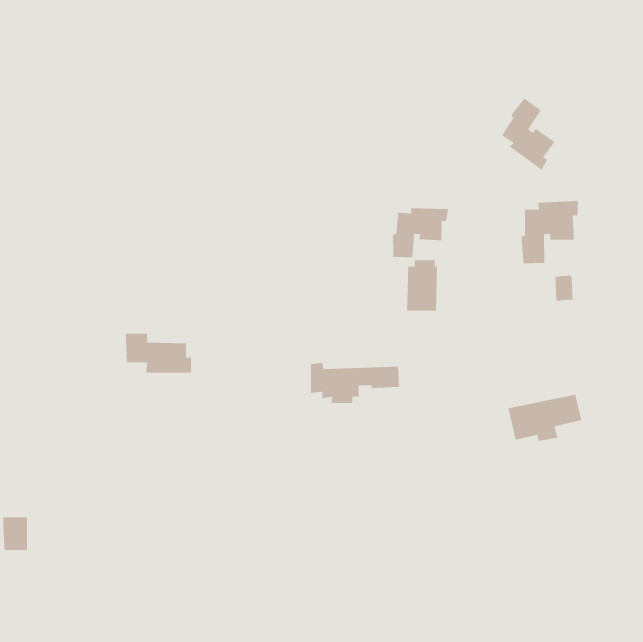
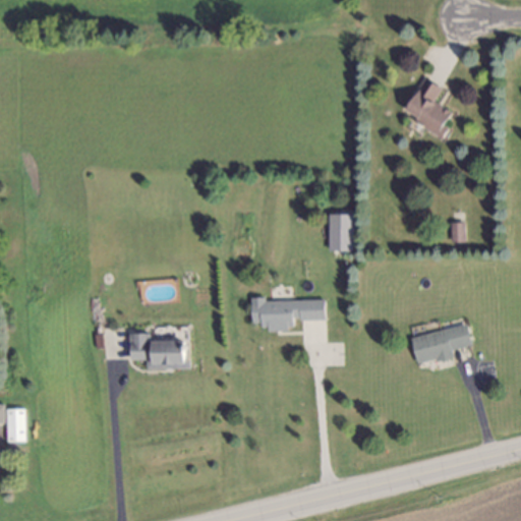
building: [521,200,579,264] -> none
building: [392,207,449,258] -> none
building: [125,333,192,373] -> [130,337,184,369]

